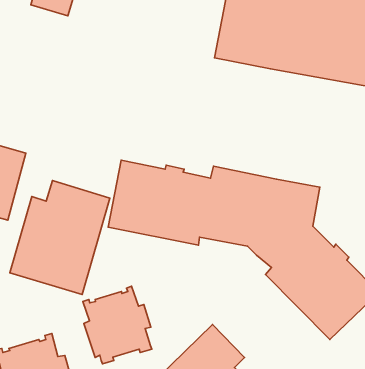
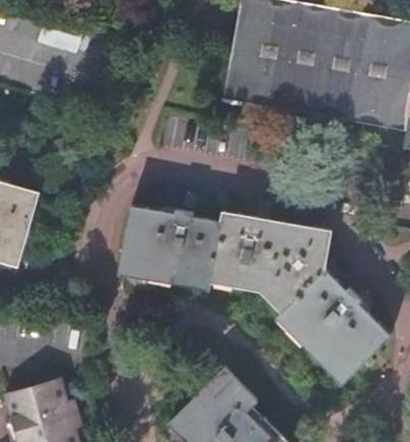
building: [10,180,110,294] -> none
building: [83,286,152,364] -> none

